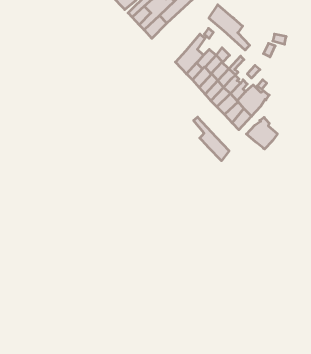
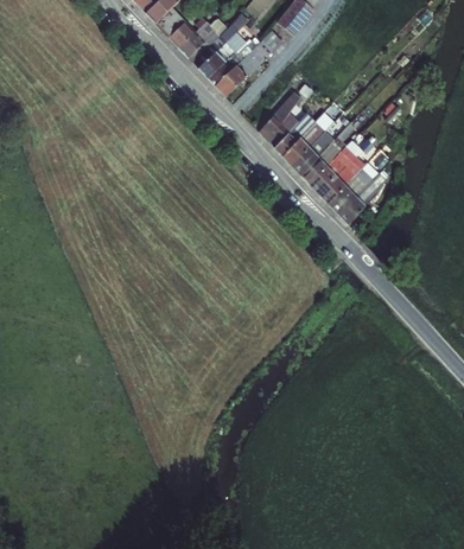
building: [209,5,250,50] -> none
building: [194,117,229,161] -> none
building: [246,117,277,149] -> none

